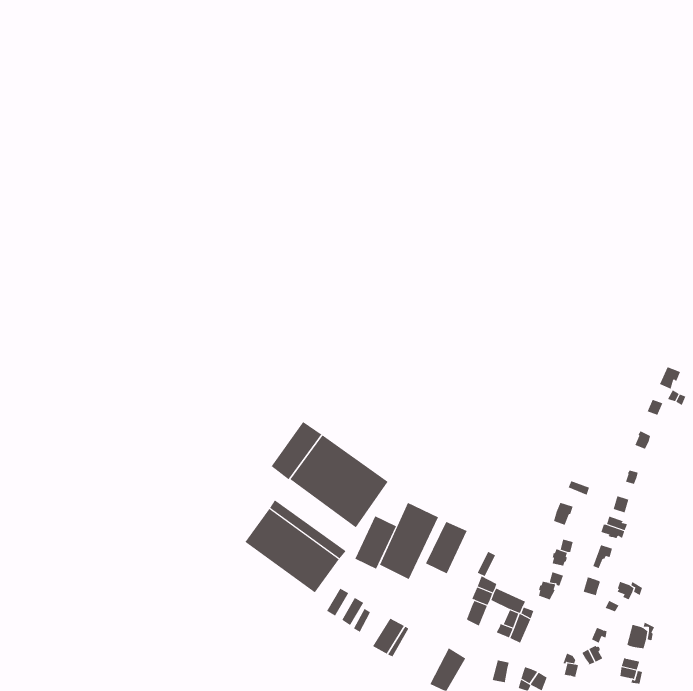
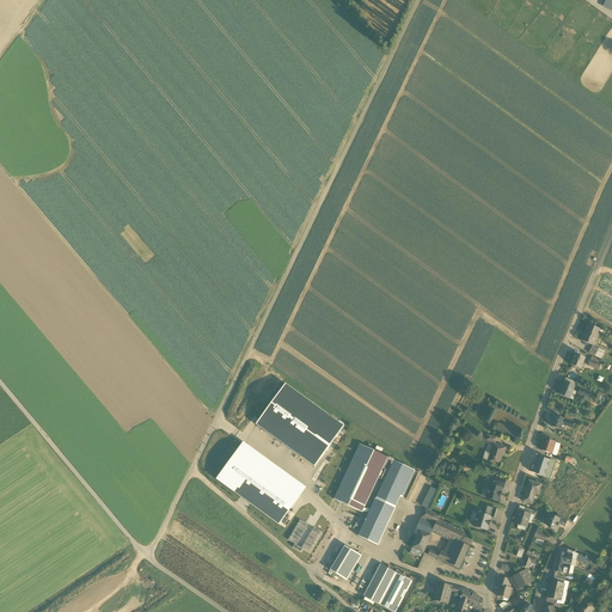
building: [271,421,322,480] -> none
building: [355,515,397,570] -> [356,496,393,544]
building: none -> [362,562,394,602]

